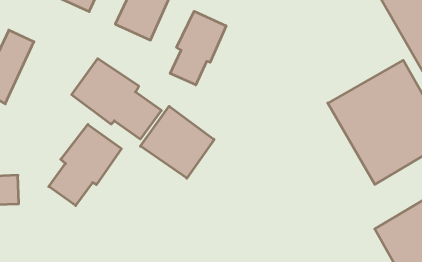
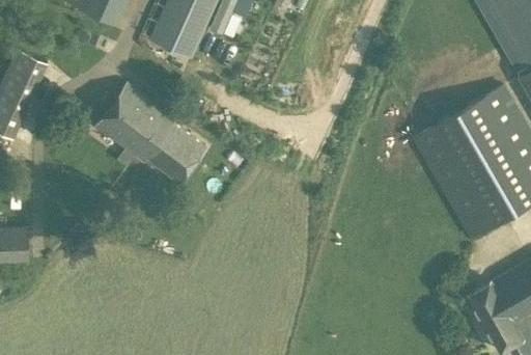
building: [170,11,226,85] -> none
building: [140,106,214,178] -> none
building: [49,124,121,206] -> none

